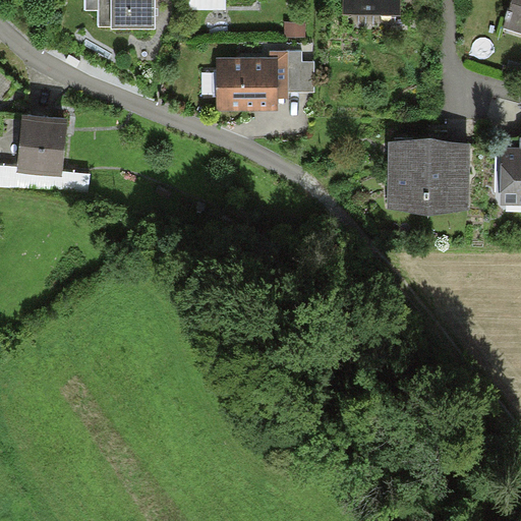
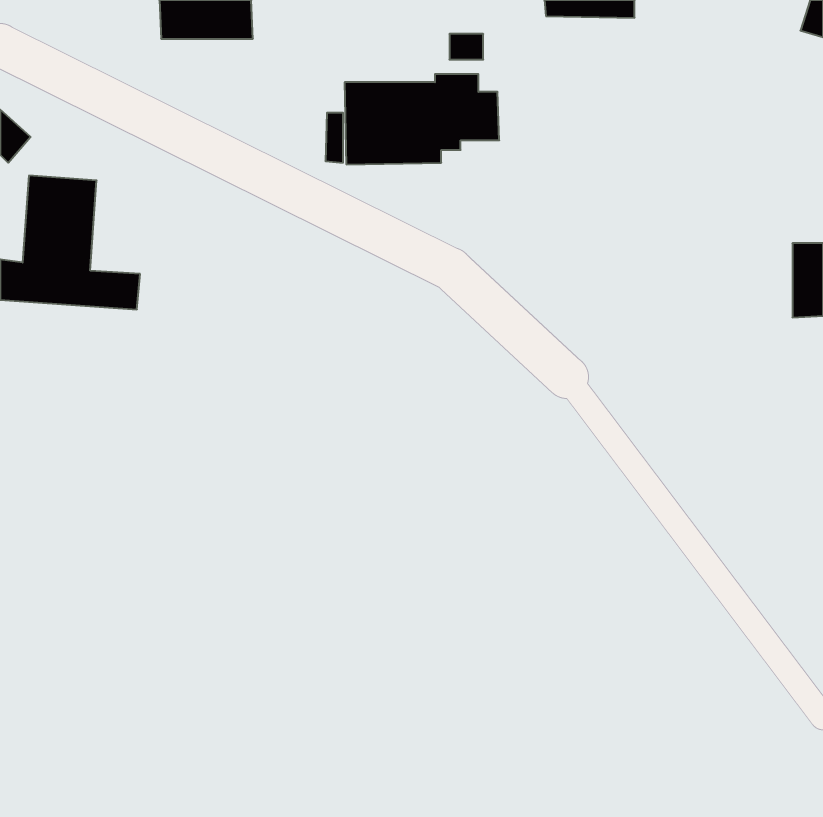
building: [391,134,467,209] -> none

